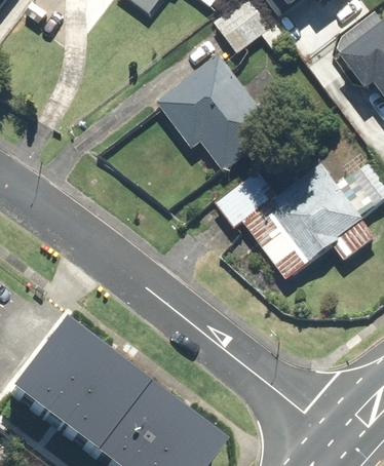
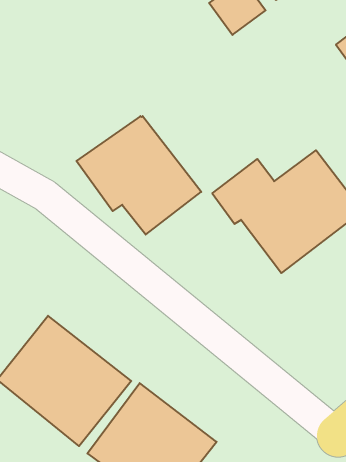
building: [157,54,277,168] -> [76,116,201,235]

